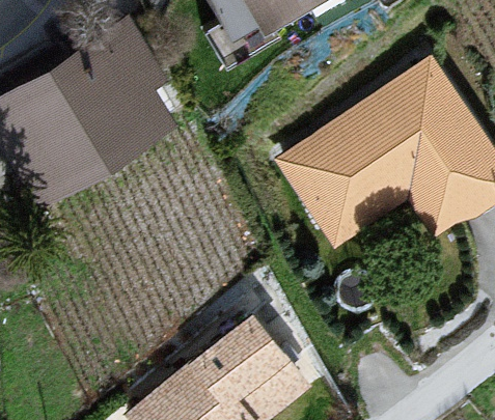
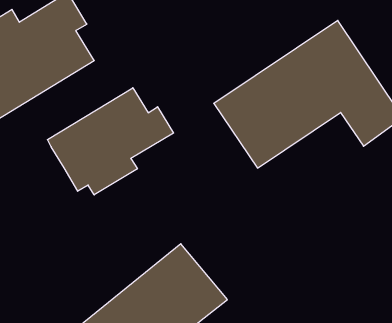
building: none -> [47,88,174,195]

